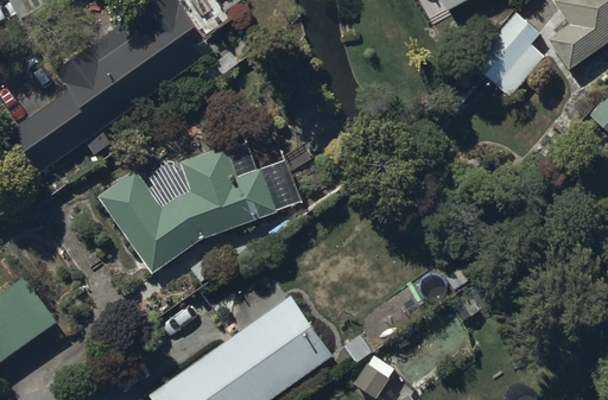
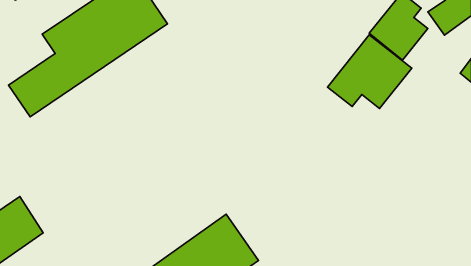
building: none -> [327,35,412,109]
building: [96,140,302,274] -> none

